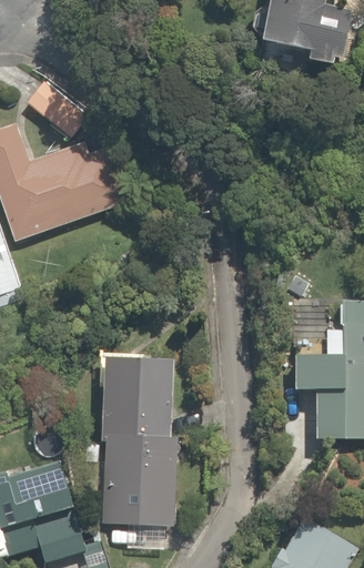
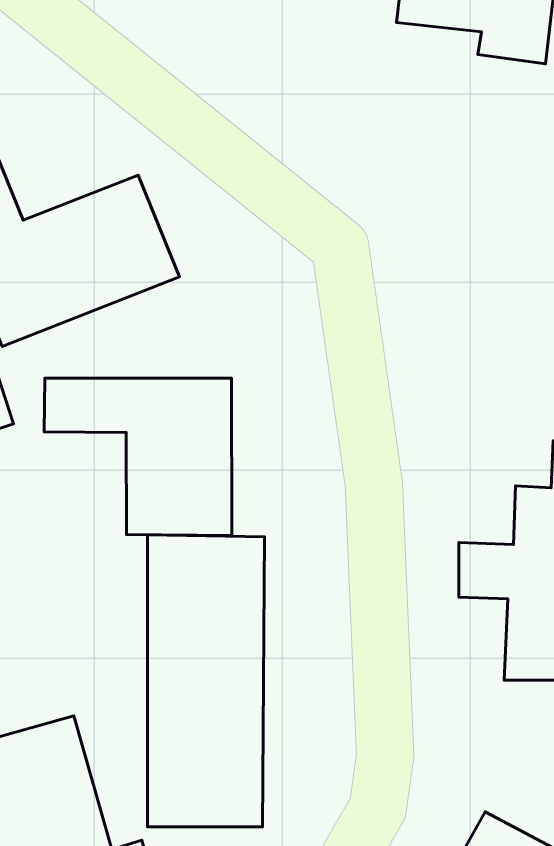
building: [27,79,91,138] -> none
building: none -> [44,378,232,536]

